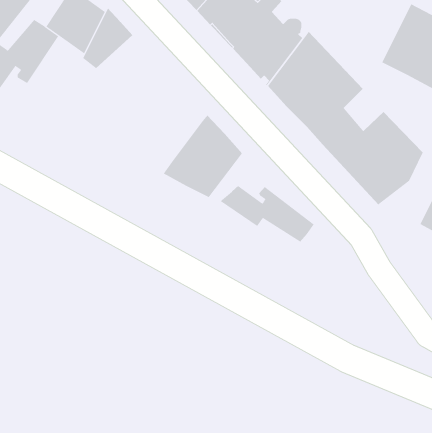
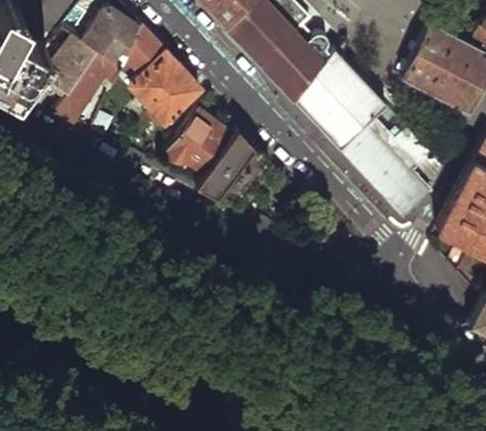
building: none -> [129,53,201,126]
building: none -> [56,54,120,122]
building: none -> [165,110,231,173]
building: [220,185,315,243] -> none

